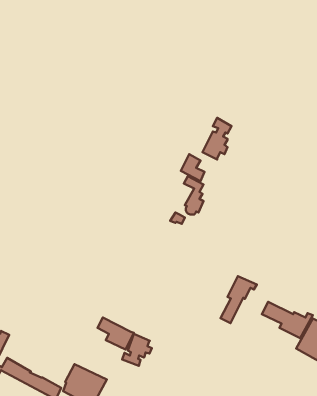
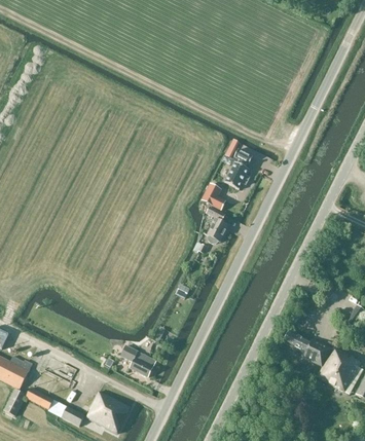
building: [221,276,257,323] -> none
building: [122,334,152,366] -> none

